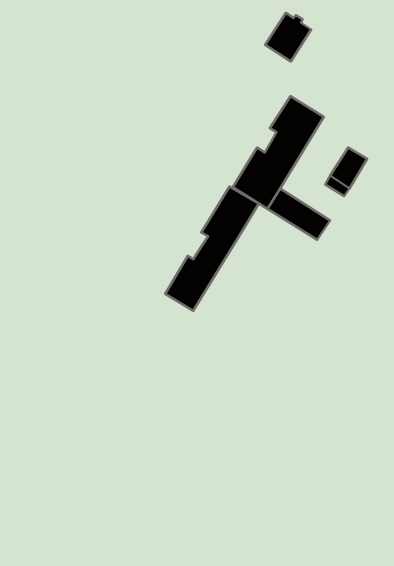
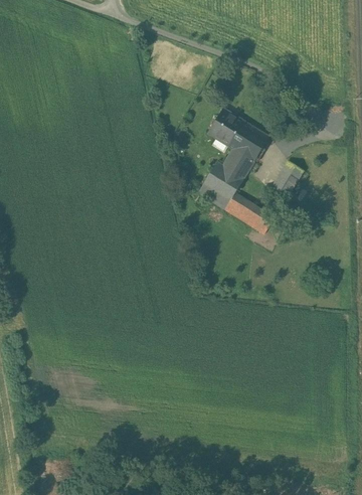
building: [265,13,311,61] -> [207,108,243,146]
building: [165,186,259,311] -> none

